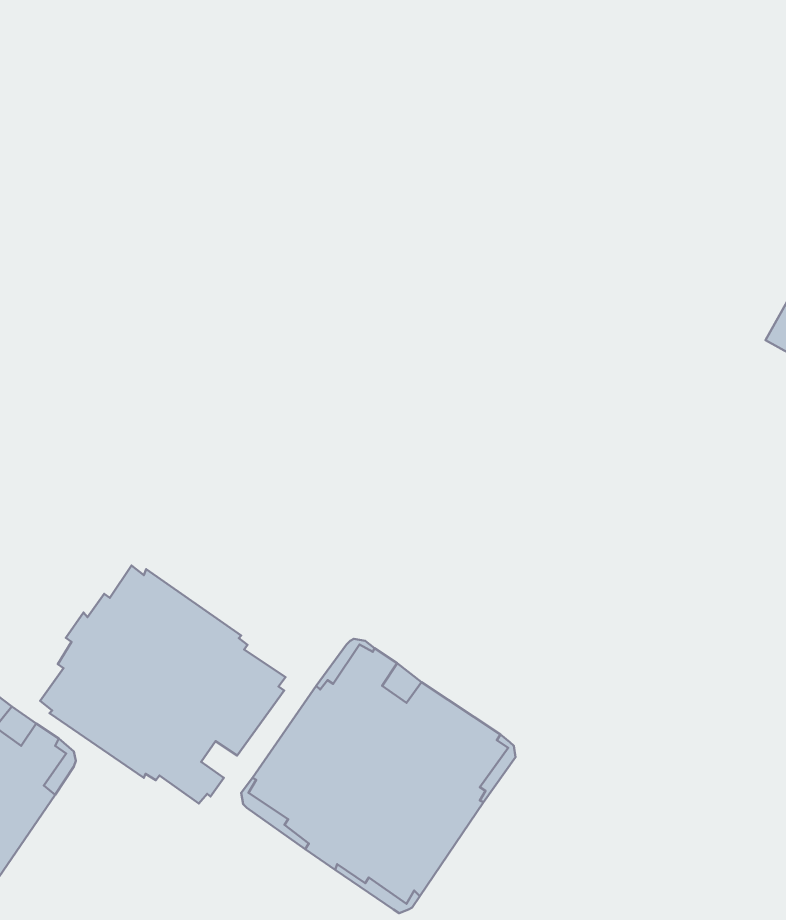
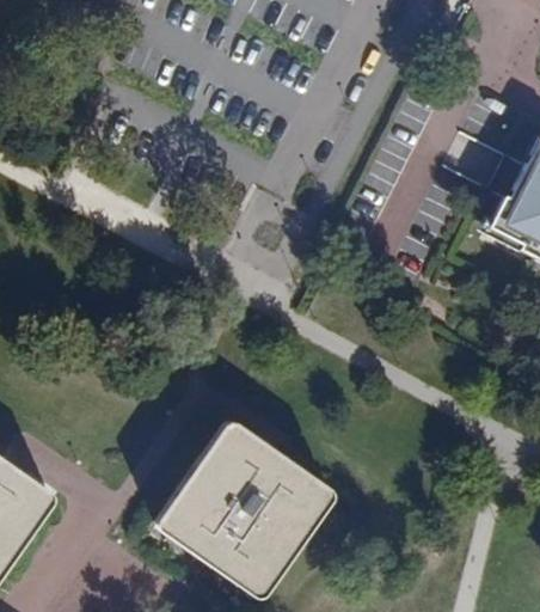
building: [40,566,285,804] -> none

